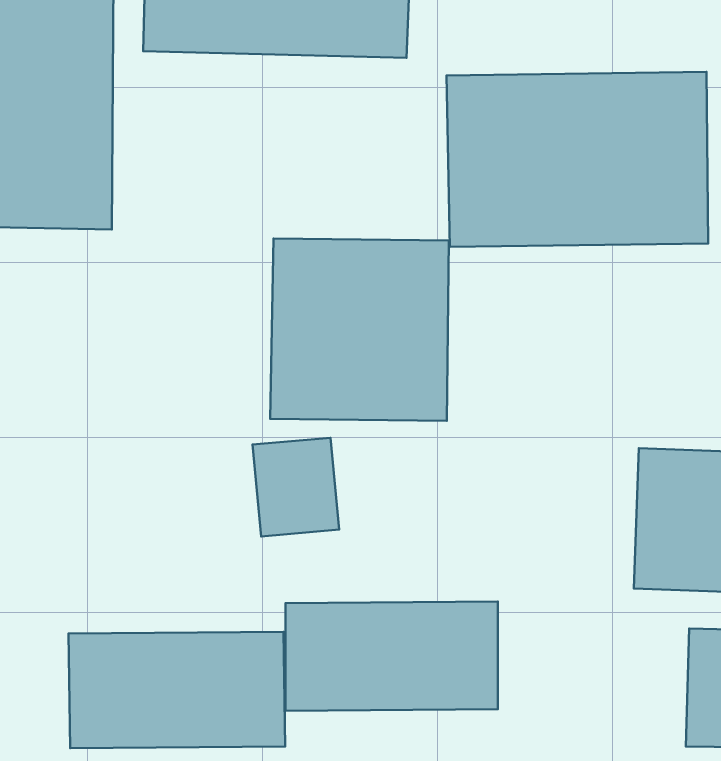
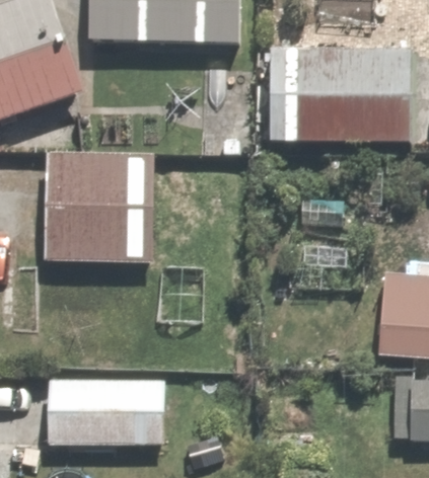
building: [270,239,449,421] -> [51,155,155,261]
building: [285,602,498,711] -> none

